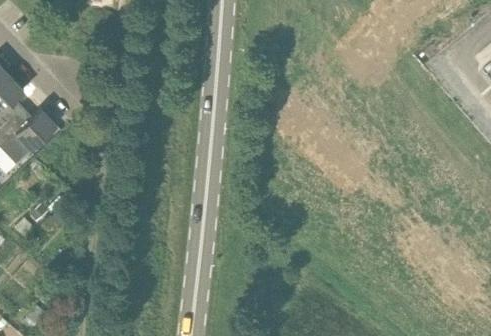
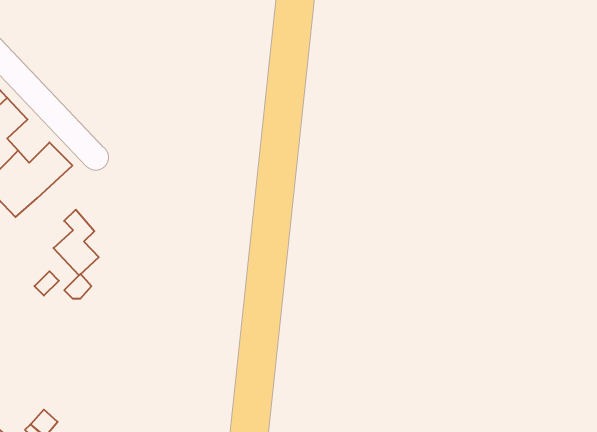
building: none -> [53,210,99,275]

